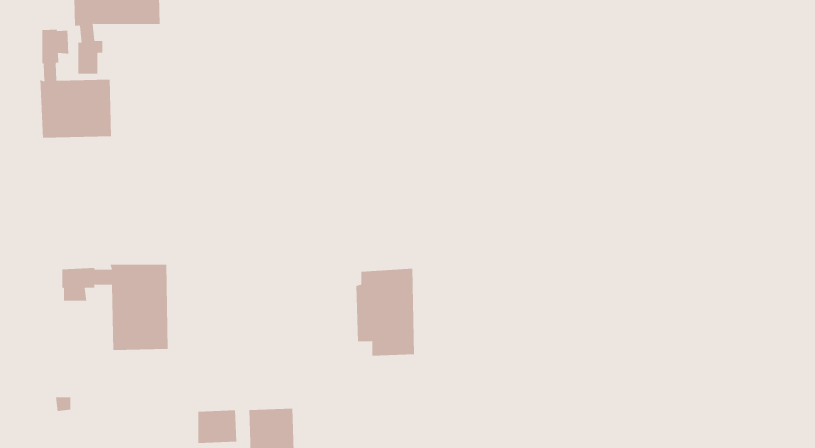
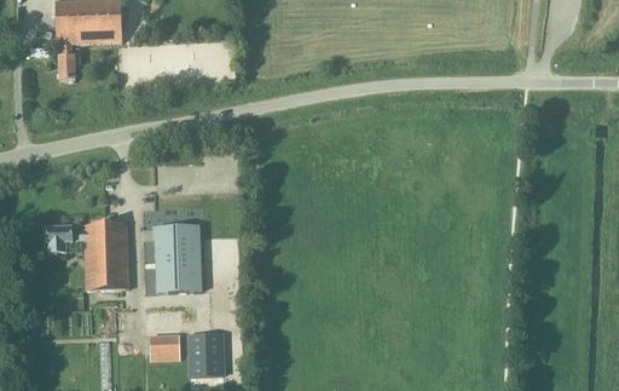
building: [40,29,111,139] -> none
building: [356,268,415,356] -> [156,225,201,292]

